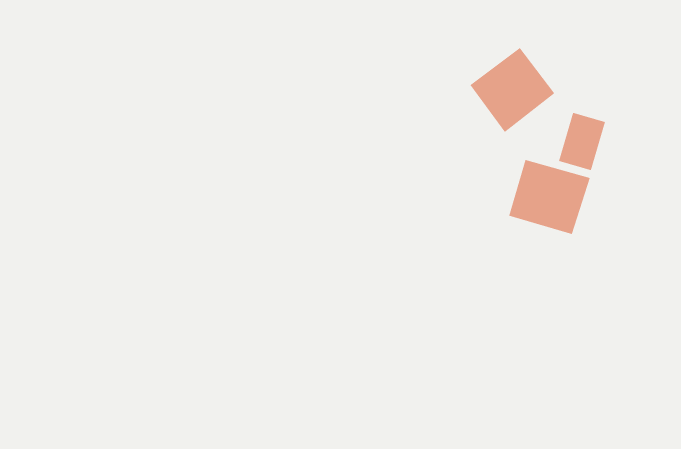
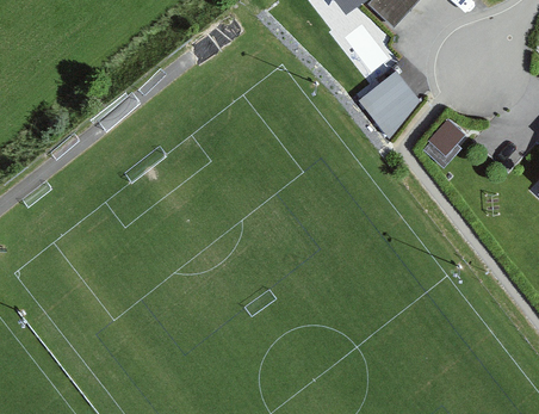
building: [509,159,590,235] -> none

